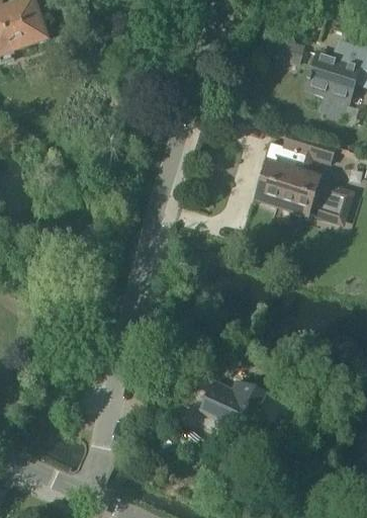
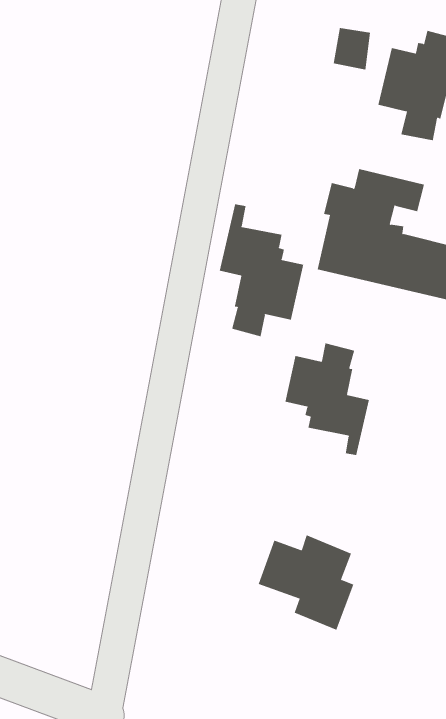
building: none -> [219,204,304,337]
building: none -> [285,342,369,456]

